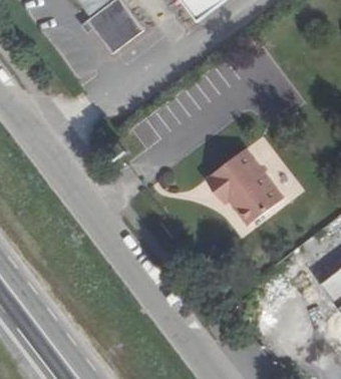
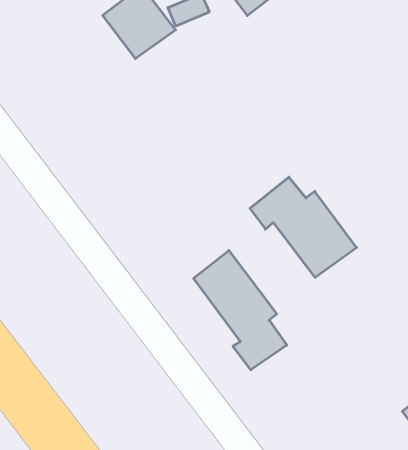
building: none -> [194,250,287,370]

